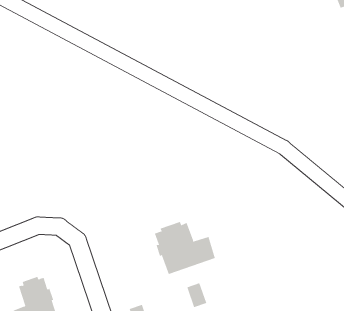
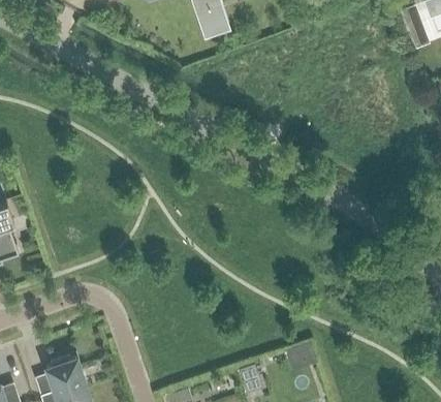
building: [154,221,216,275] -> none

